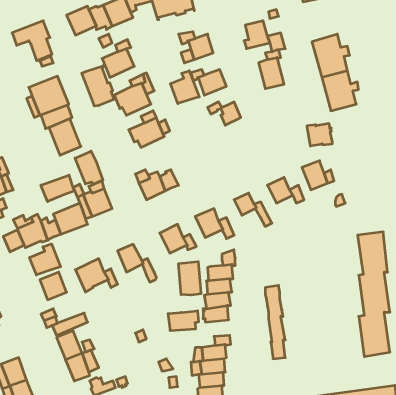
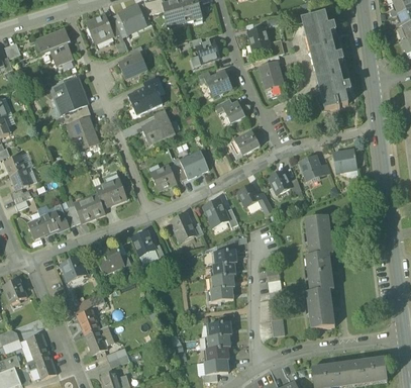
building: none -> [302,13,335,46]
building: [82,66,116,106] -> none
building: [170,71,199,104] -> none
building: [307,124,332,146] -> [333,151,356,171]
building: none -> [231,130,260,157]
building: [75,151,103,185] -> none
building: none -> [181,152,209,177]
building: [41,175,75,202] -> none
building: [358,232,390,357] -> [305,216,334,329]
building: [30,244,61,275] -> none
building: [179,262,201,295] -> none
building: [168,311,198,331] -> none

